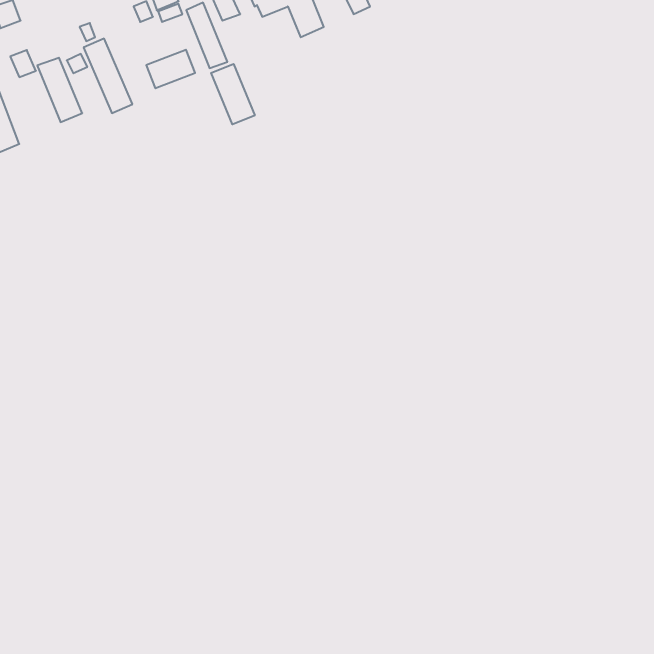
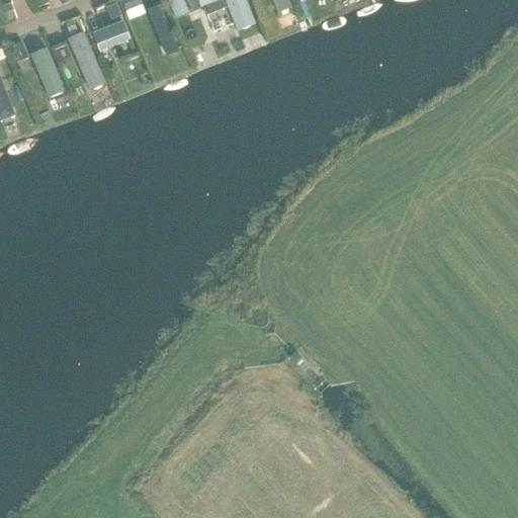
building: [146,50,195,88] -> [91,18,130,49]
building: [211,64,255,124] -> none

